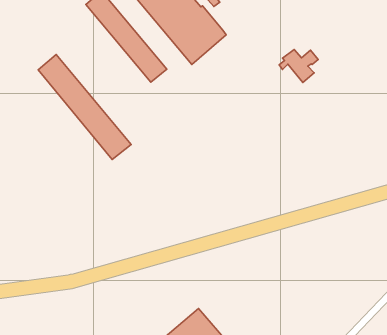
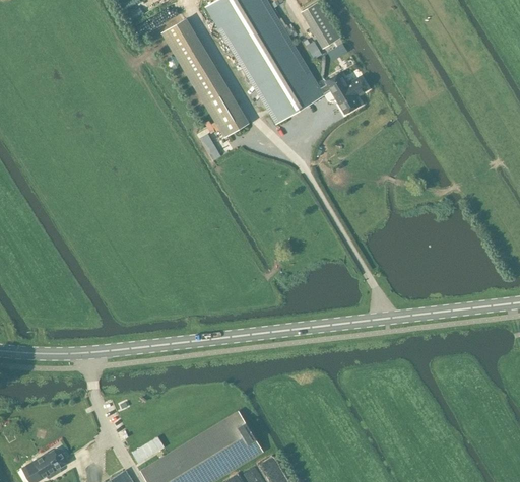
building: [279,49,318,83] -> [320,73,367,114]
building: [38,54,131,159] -> none

